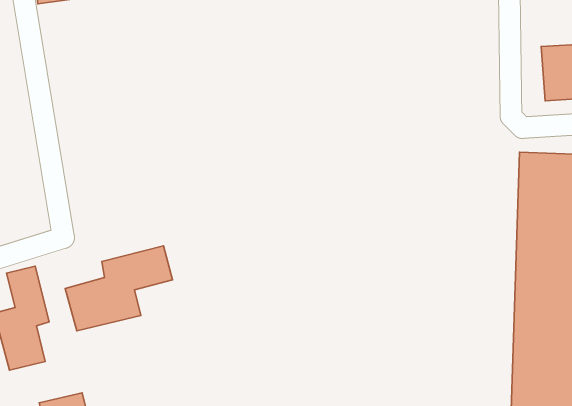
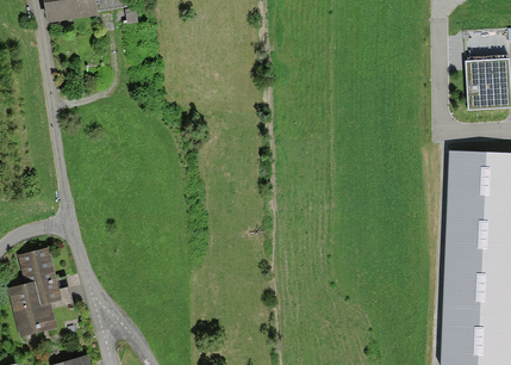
building: [65,246,172,331] -> none

